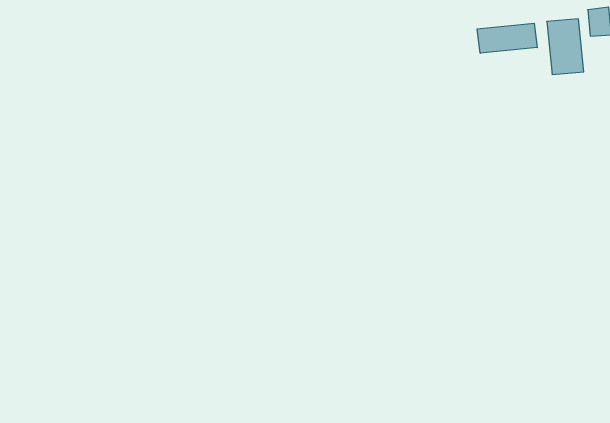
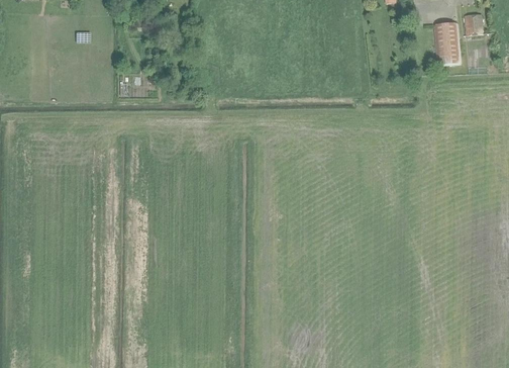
building: [477,23,537,53] -> none

